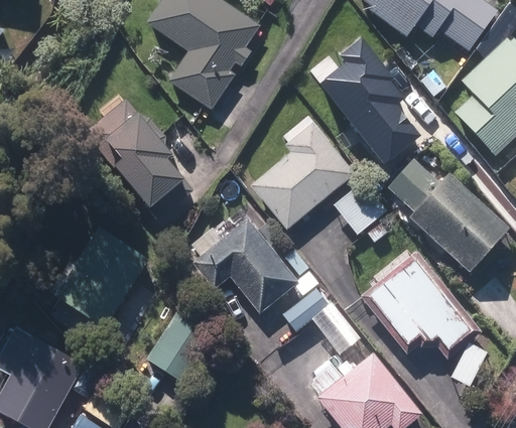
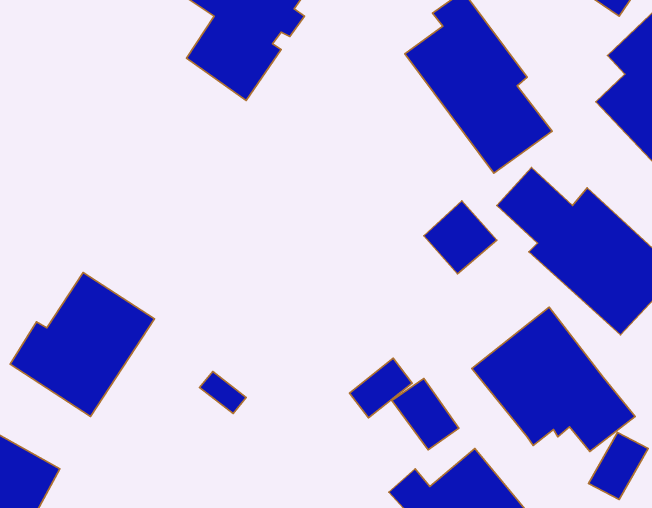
building: [86,102,192,221] -> none
building: [249,119,355,229] -> none
building: [191,212,295,310] -> none
building: [146,315,214,385] -> none

